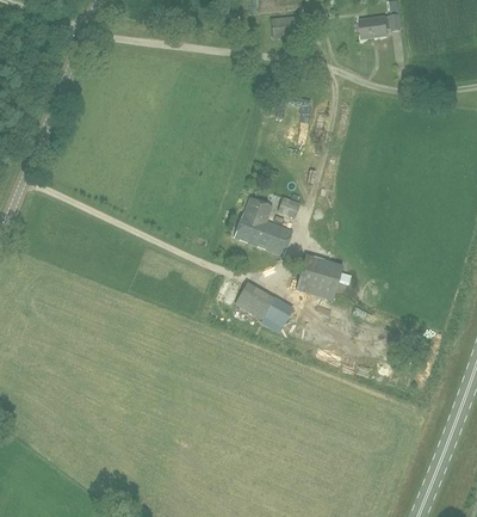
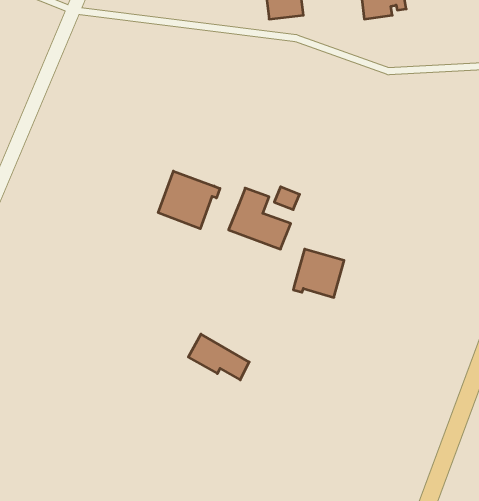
building: none -> [158,171,220,229]
building: [235,281,292,324] -> [188,334,249,380]

